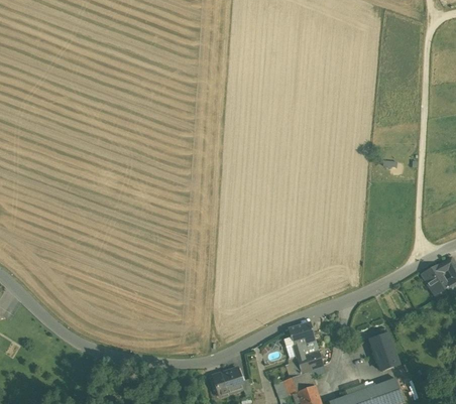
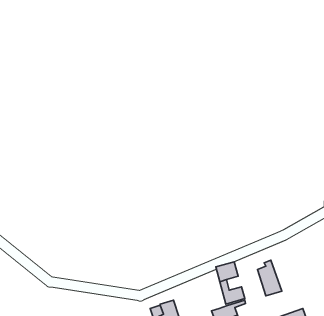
building: [369,328,398,372] -> [258,260,282,296]

